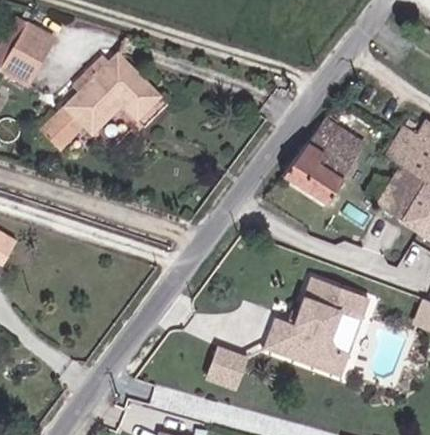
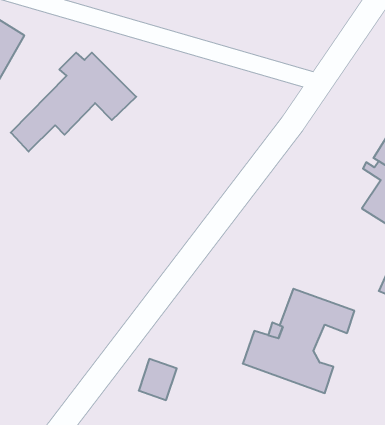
building: [283,119,366,204] -> none
building: [209,350,245,389] -> [139,359,177,400]

